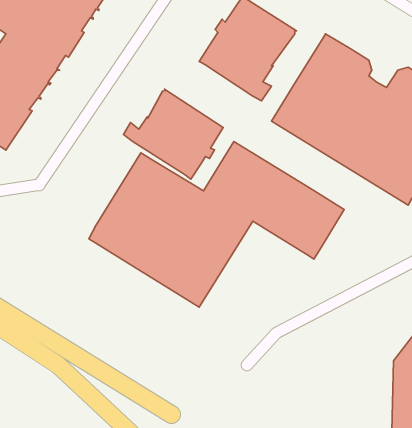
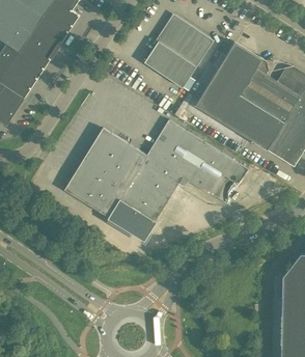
building: [124,89,223,179] -> none

